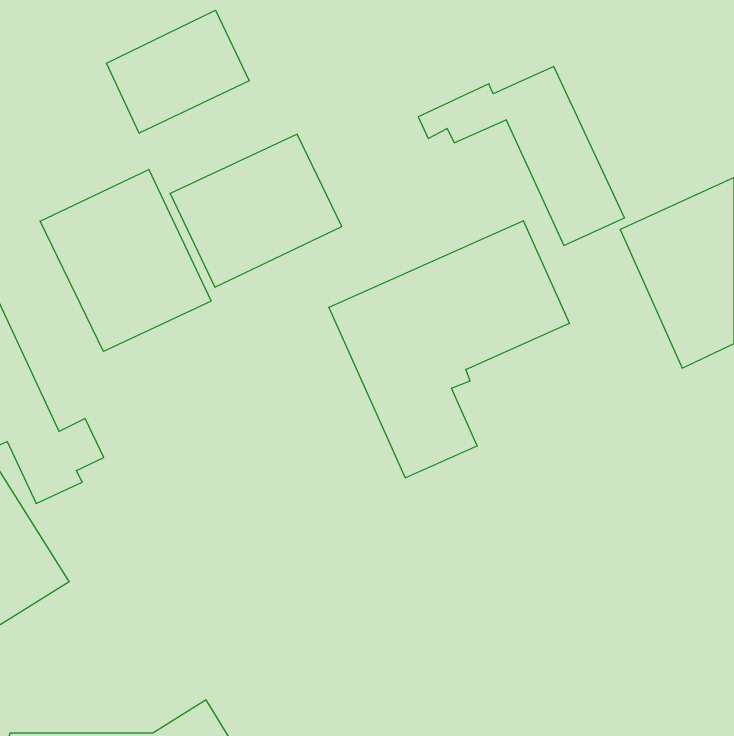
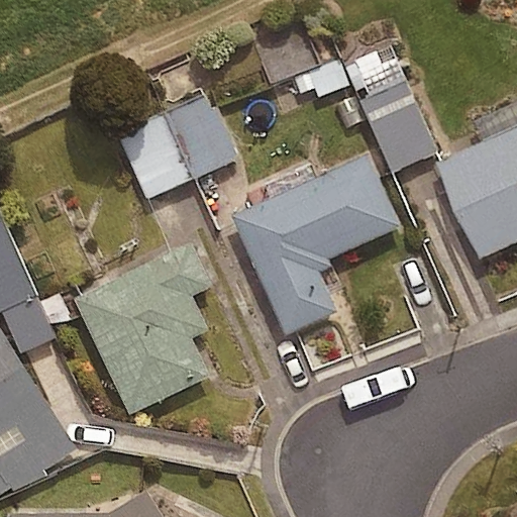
building: [106,10,249,133] -> none
building: [40,169,211,351] -> none
building: none -> [72,243,210,414]

